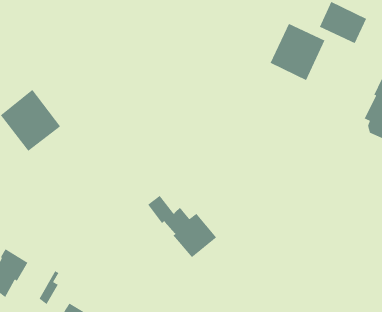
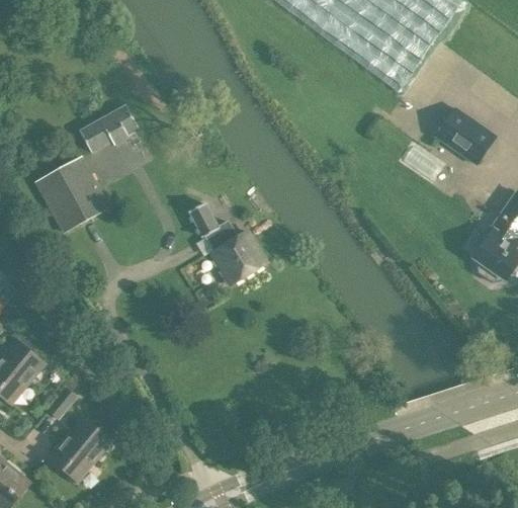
building: [270,23,325,81] -> none
building: none -> [80,104,138,152]
building: [147,195,217,258] -> [188,201,266,283]

